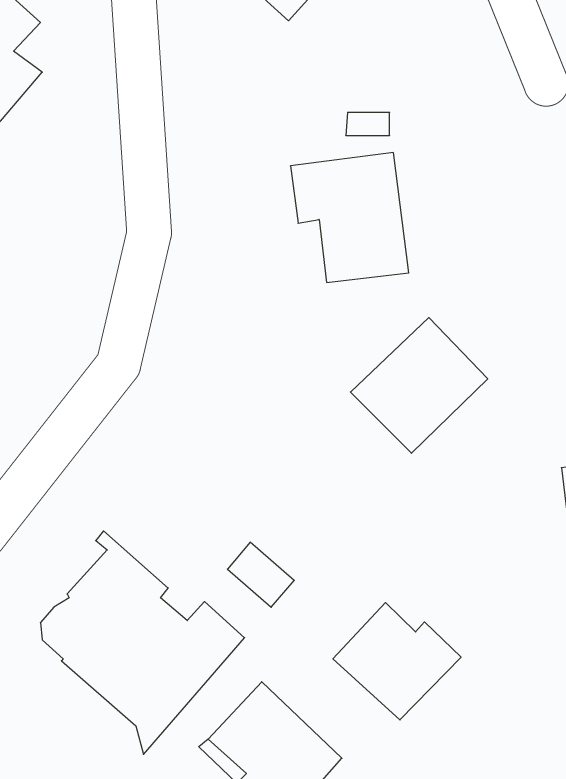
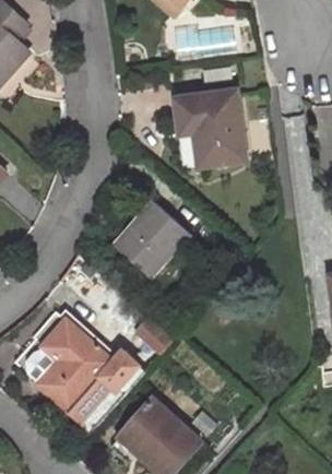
building: [350,318,488,453] -> [115,202,193,280]
building: [333,603,461,720] -> none

